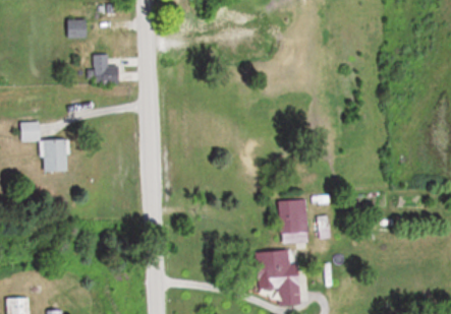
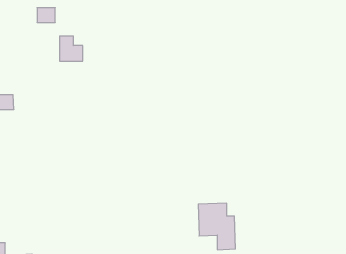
building: [42,138,67,170] -> none
building: [278,198,307,241] -> none

